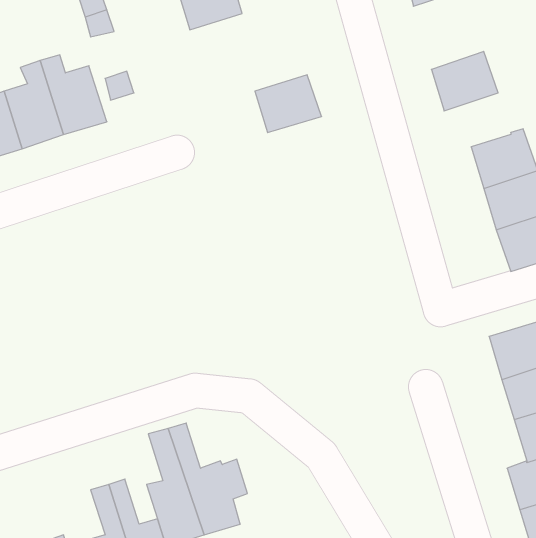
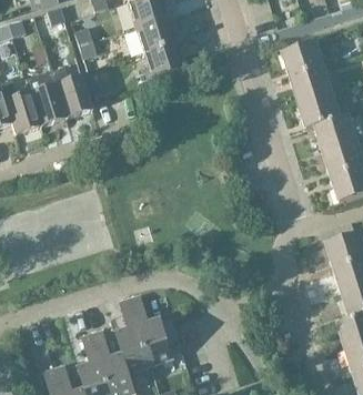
building: none -> [283,41,324,78]
building: [255,75,322,133] -> [143,43,184,79]
building: none -> [300,92,341,129]

